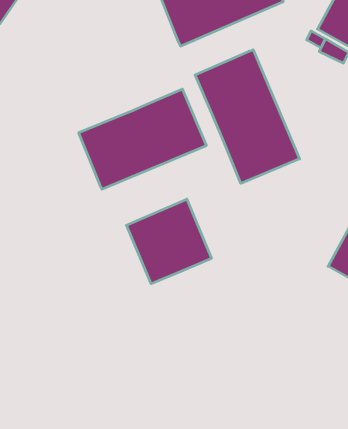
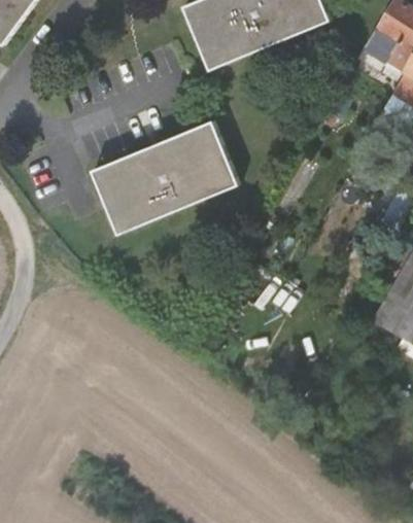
building: [195,50,300,183] -> none
building: [126,199,211,284] -> none

